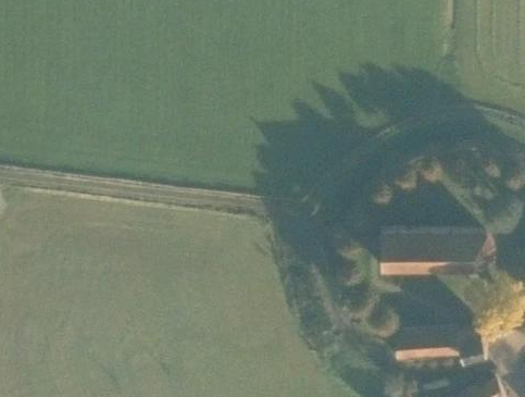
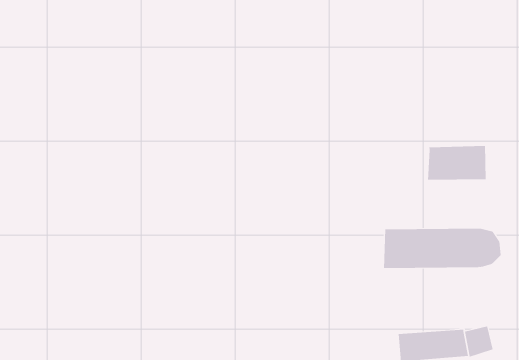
building: none -> [427,145,486,180]

